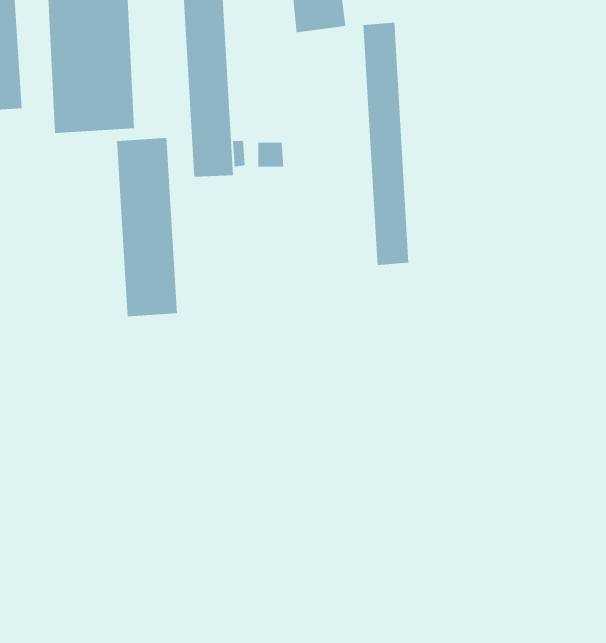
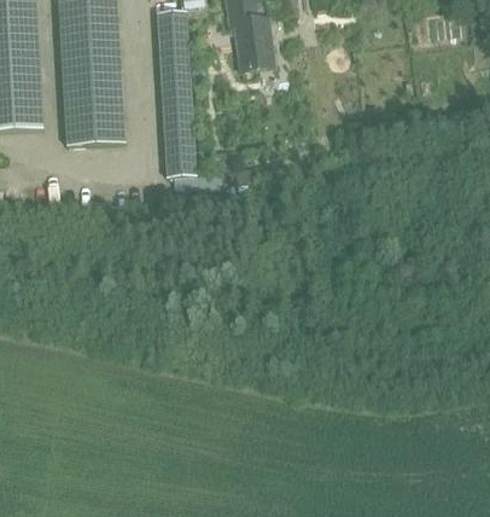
building: [363,22,409,266] -> none
building: [117,137,177,317] -> none

